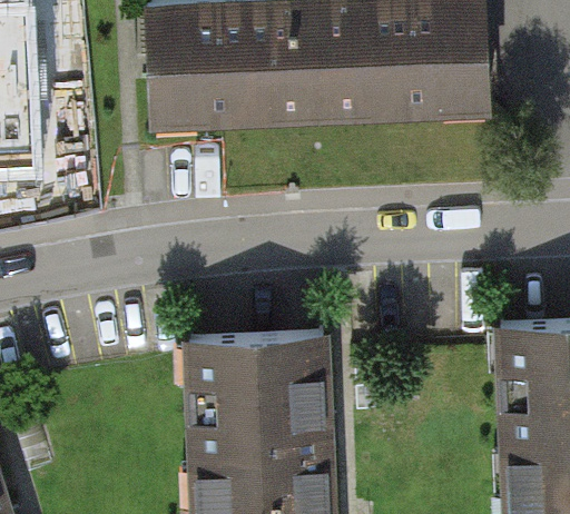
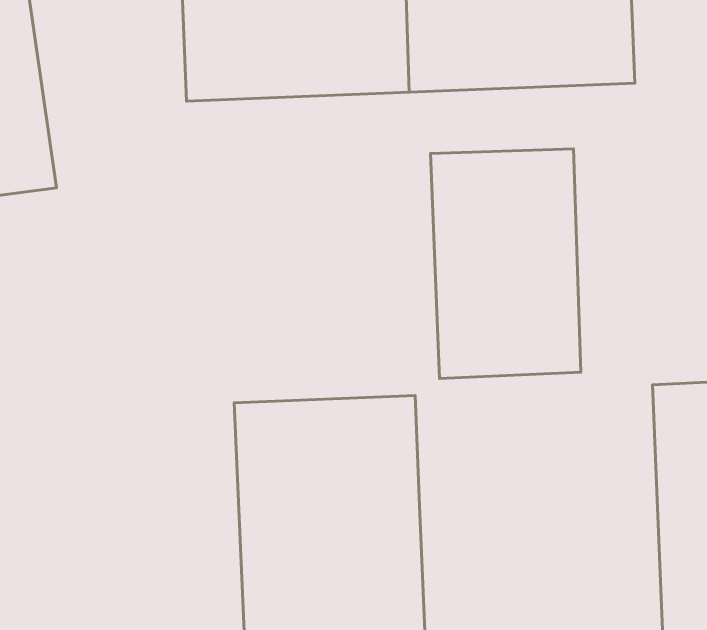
building: none -> [431,149,581,378]

